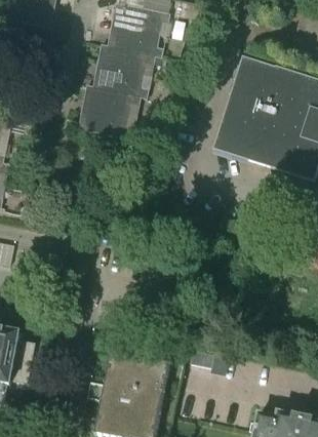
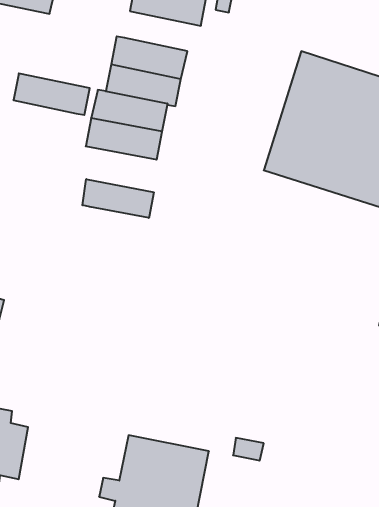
building: [107,24,165,55] -> [13,73,90,115]
building: none -> [82,179,154,218]

